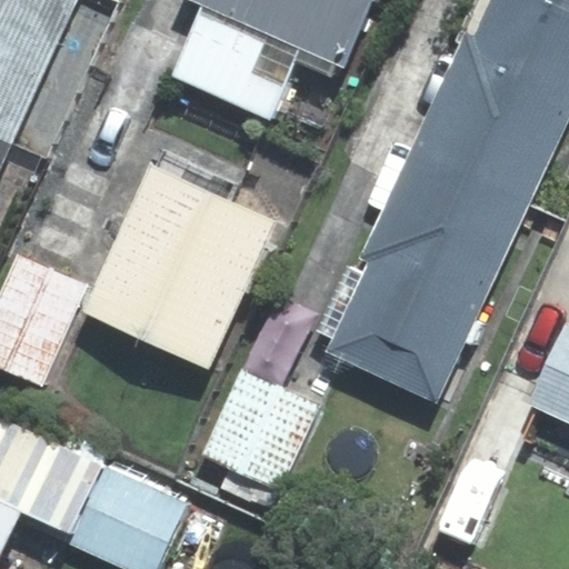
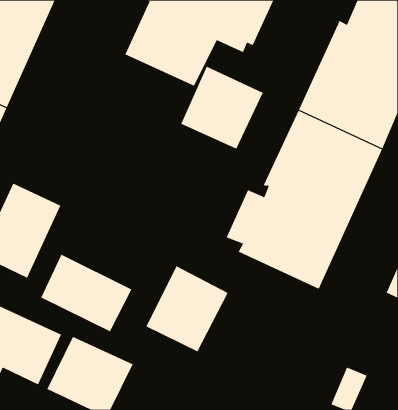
building: none -> [180,66,264,149]
building: [92,164,281,366] -> none
building: none -> [40,254,132,332]

